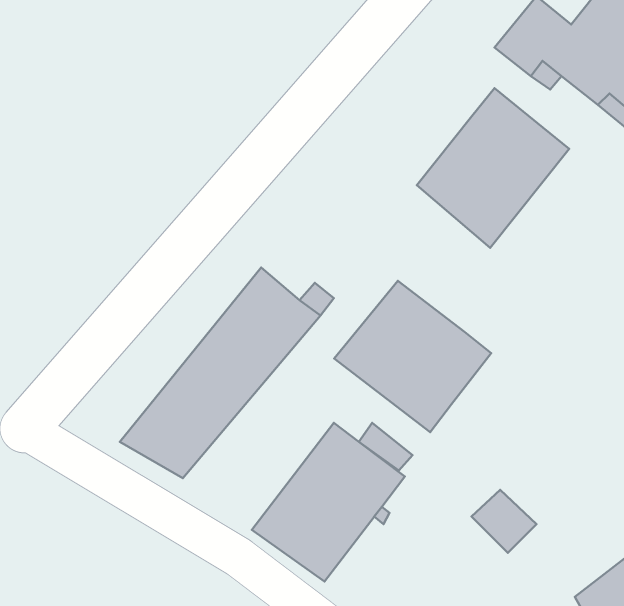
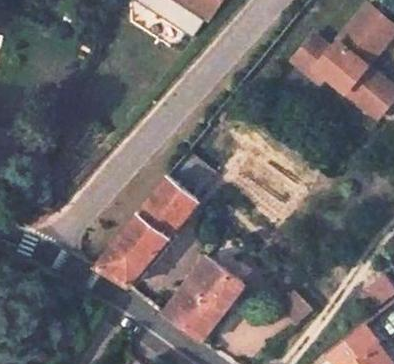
building: [417,88,569,248] -> none
building: [334,281,491,432] -> none

